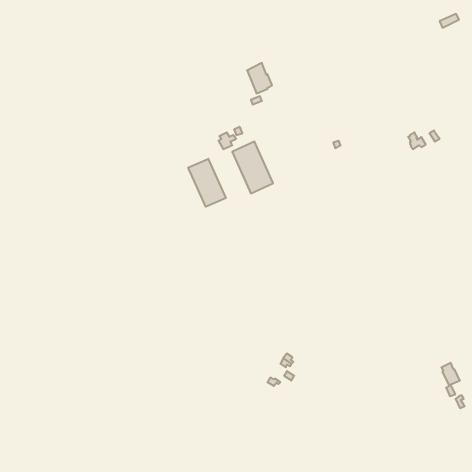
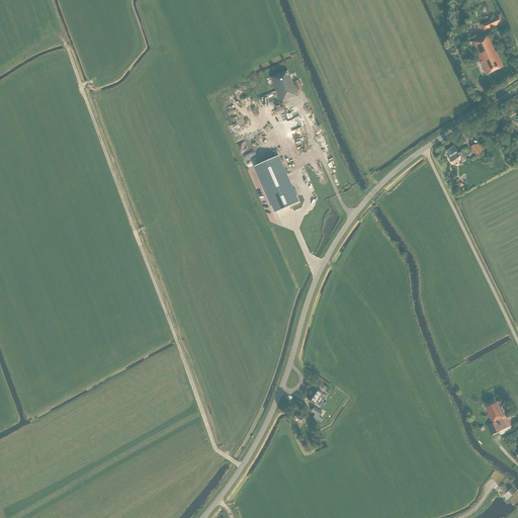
building: none -> [470,33,503,74]
building: [188,159,226,207] -> none

